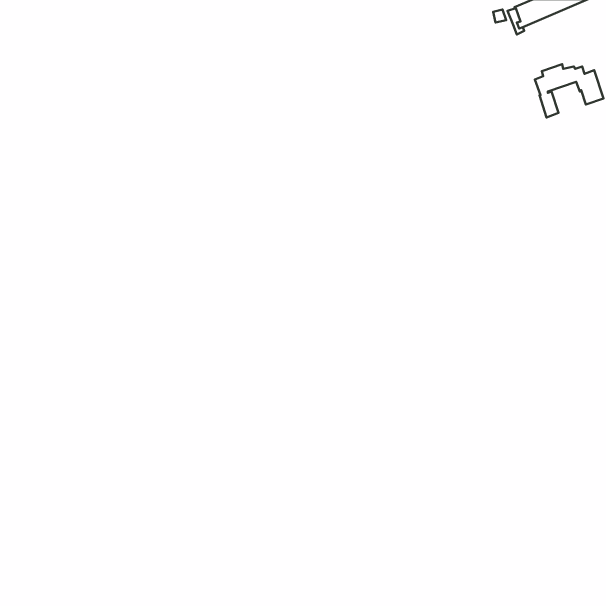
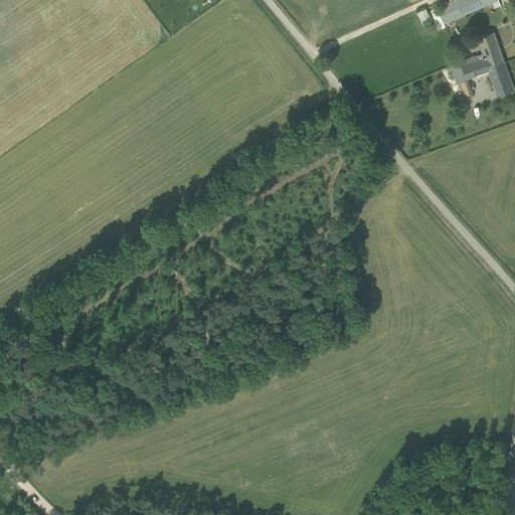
building: none -> [473,31,504,62]

